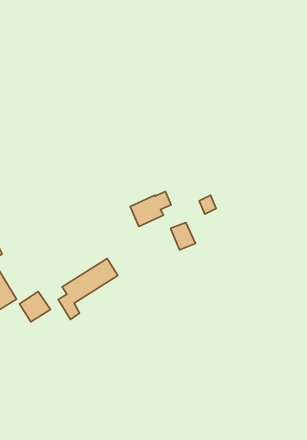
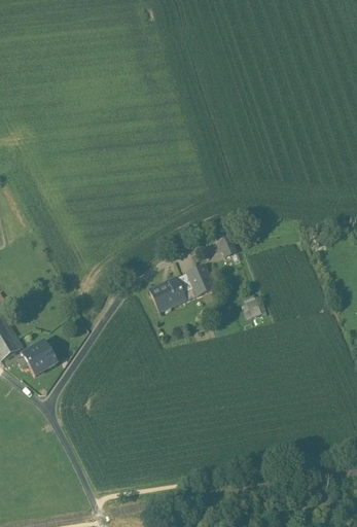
building: [130,191,171,226] -> [149,273,193,311]
building: [58,259,118,319] -> none

